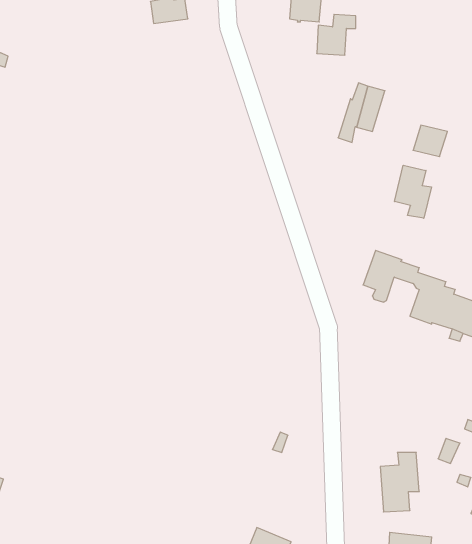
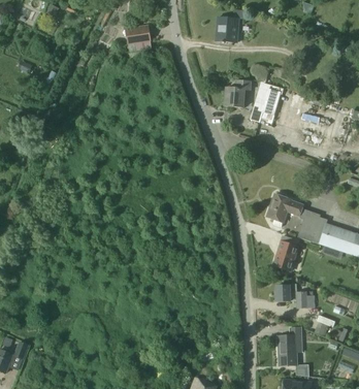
building: [317,14,356,55] -> [224,79,250,106]
building: [395,165,431,218] -> none
building: none -> [272,240,295,269]
building: none -> [274,283,314,307]

